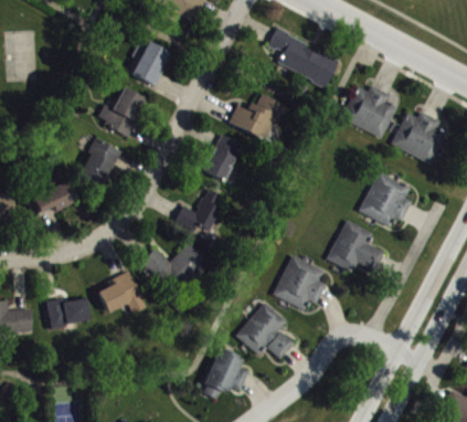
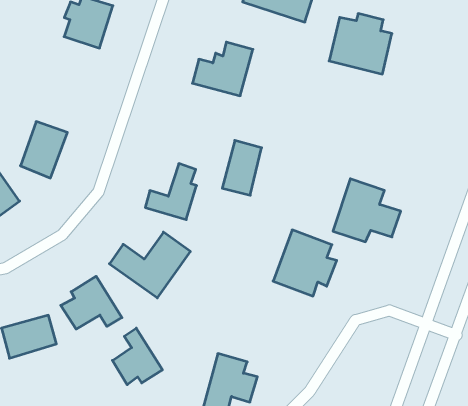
building: [97,88,147,136] -> none
building: [392,112,446,165] -> none
building: [204,135,241,181] -> [222,140,262,195]
building: [359,171,413,228] -> none
building: [236,303,295,359] -> none
building: none -> [112,328,162,385]

